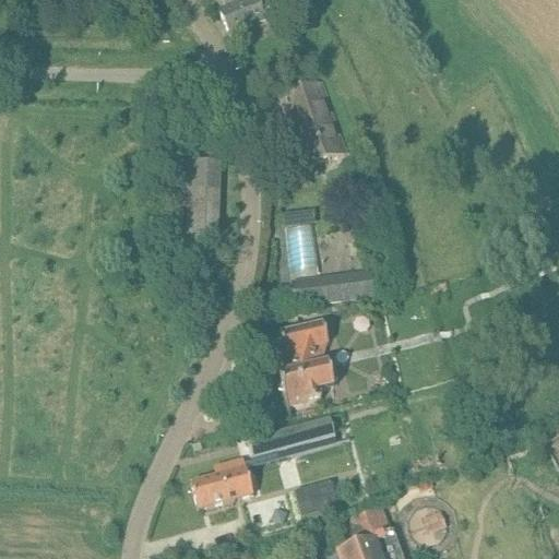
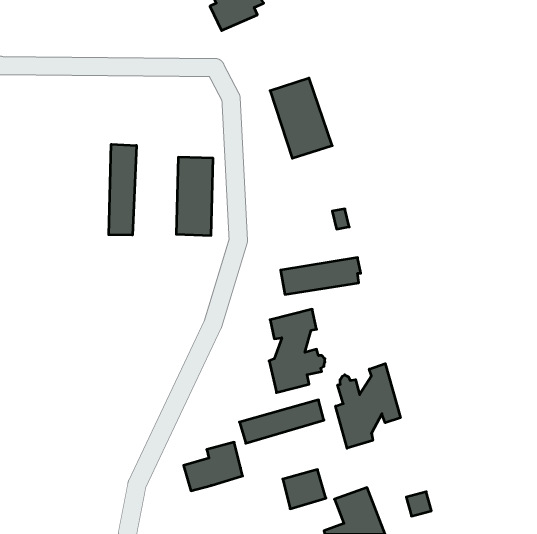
building: none -> [109,144,136,235]
building: none -> [336,364,400,448]

